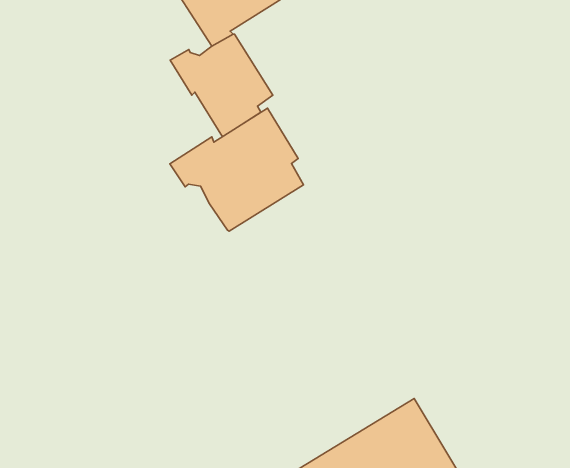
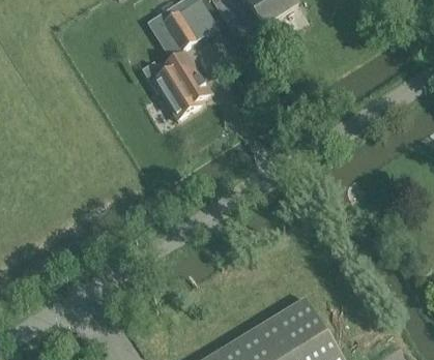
building: [170,108,303,231] -> none

